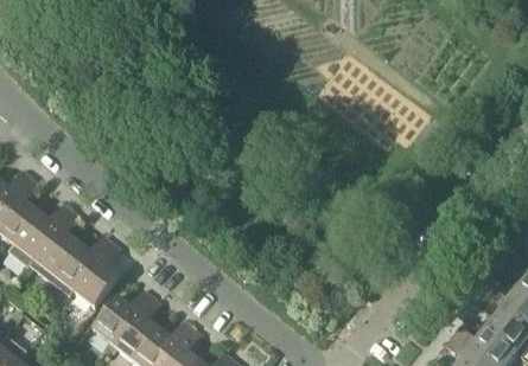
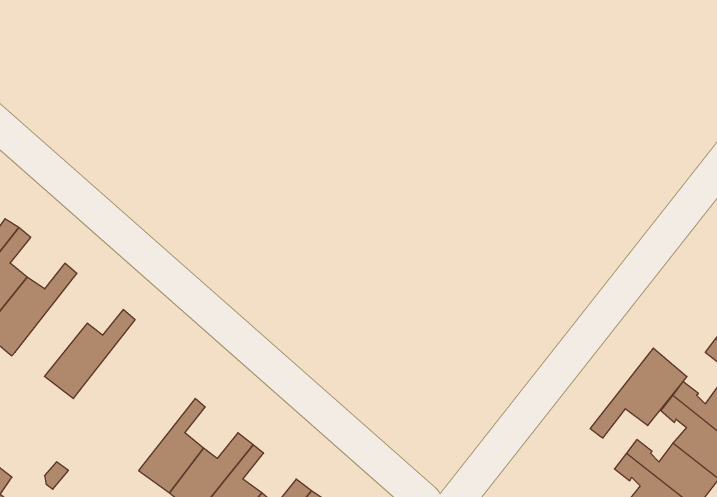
building: [28,208,79,280] -> none
building: [74,240,120,306] -> none
building: none -> [590,348,687,438]
building: [91,288,153,345] -> none

